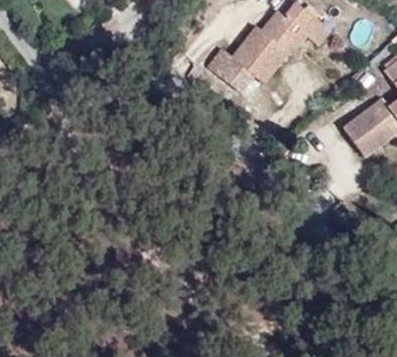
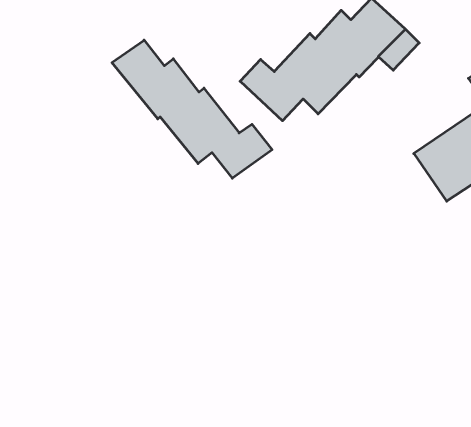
building: none -> [112,40,272,178]

